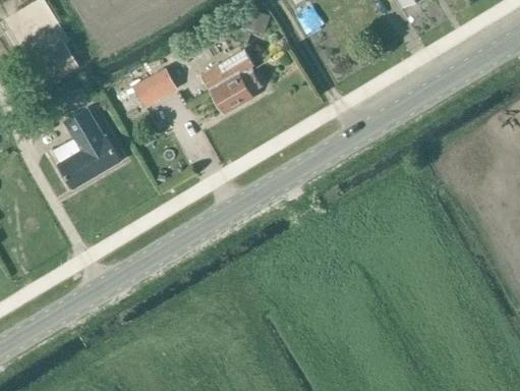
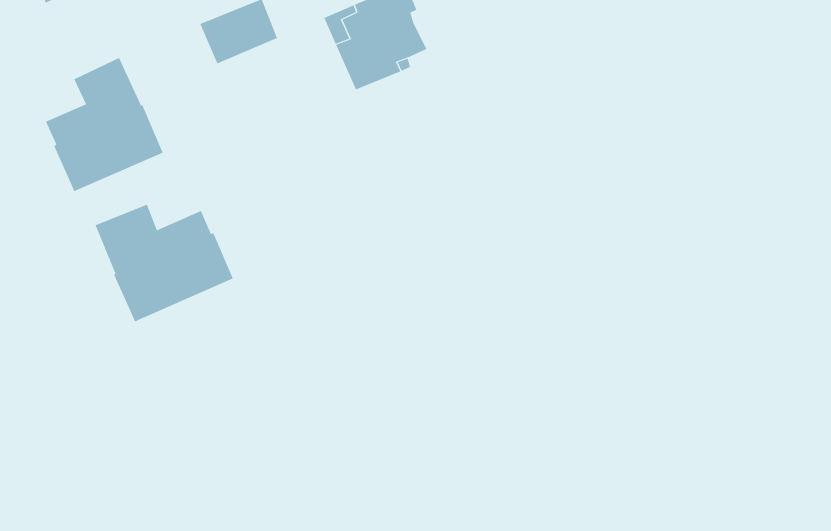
building: none -> [95,204,234,322]

